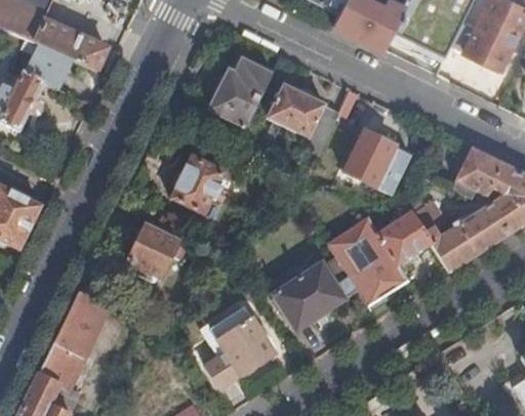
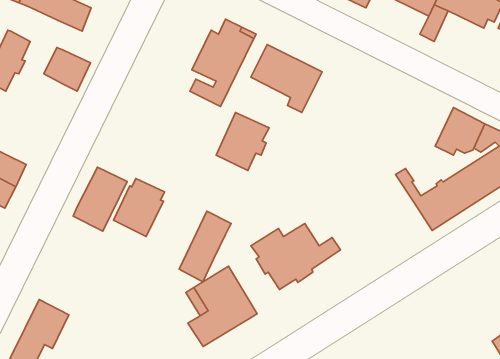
building: [26,43,73,87] -> [44,48,91,91]
building: [347,124,397,186] -> none
building: [172,155,226,213] -> [216,112,269,170]
building: [328,212,432,305] -> none
building: none -> [179,211,231,282]
building: [54,291,109,356] -> [73,167,127,231]

